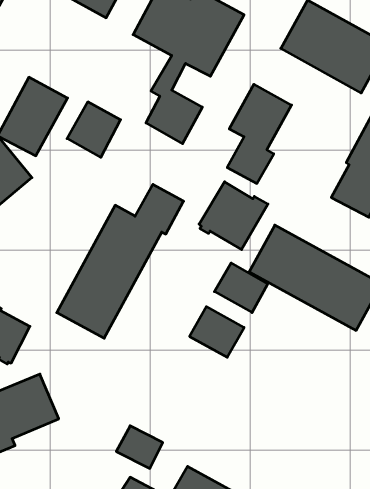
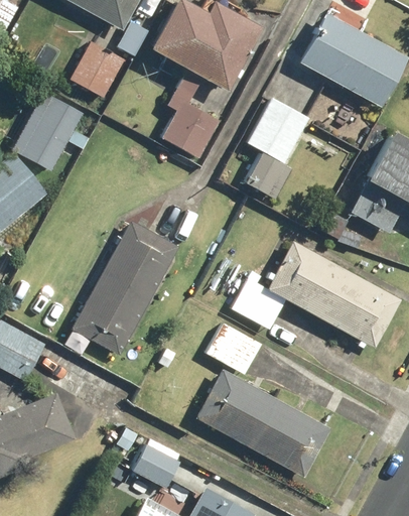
building: [67,102,121,157] -> [70,41,124,98]
building: [199,182,268,250] -> none
building: none -> [195,369,331,478]

